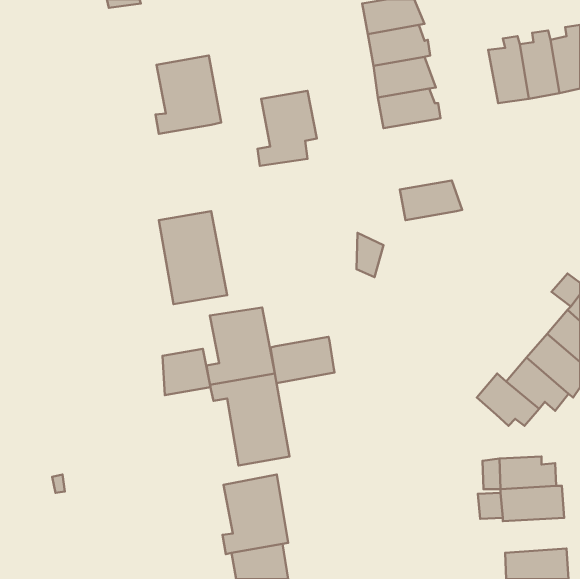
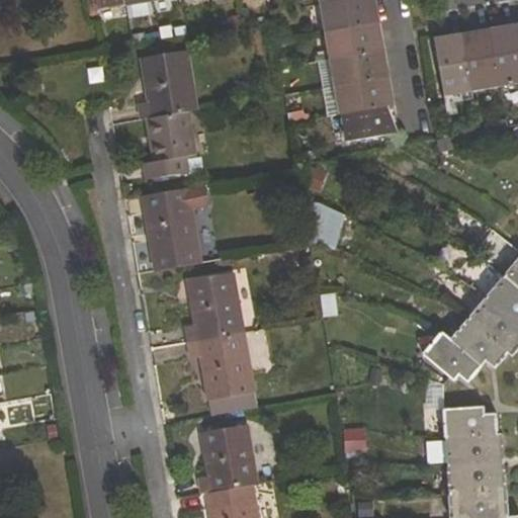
building: [258,91,317,166] -> [144,111,196,178]
building: [400,180,462,220] -> [342,106,398,142]
building: [270,337,335,383] -> none
building: [163,349,210,395] -> none
building: none -> [448,461,505,493]

